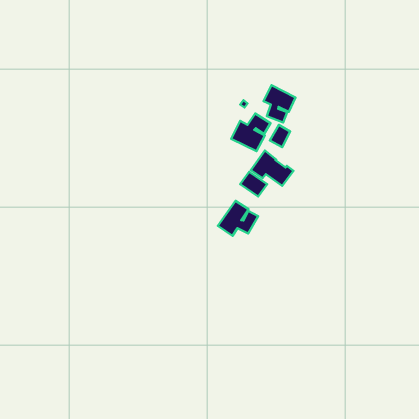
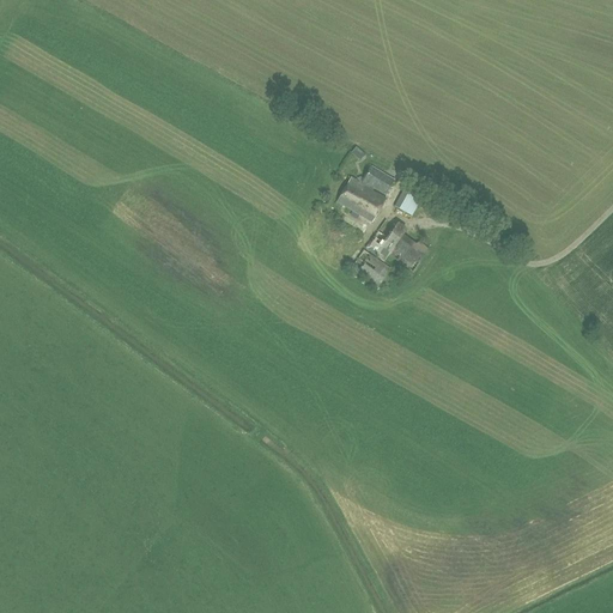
building: [264,85,296,122] -> none
building: [218,201,258,236] -> none

